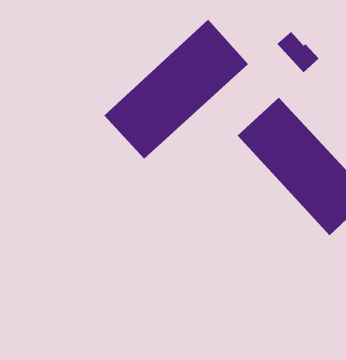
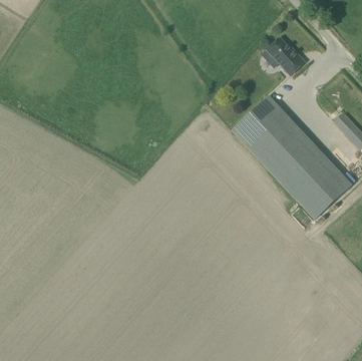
building: [104,19,249,159] -> none

